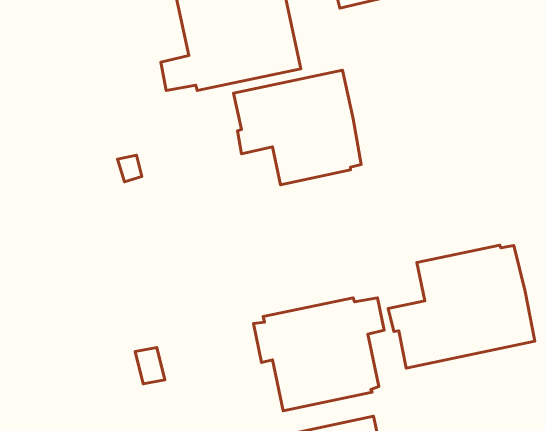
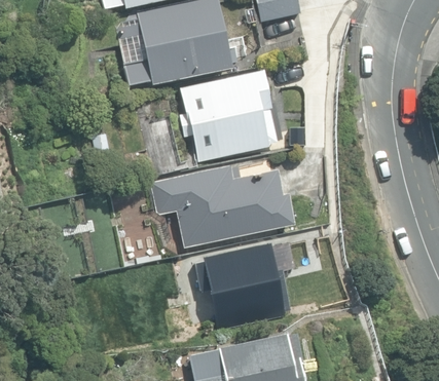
building: none -> [151,165,294,247]
building: [388,245,535,368] -> none

